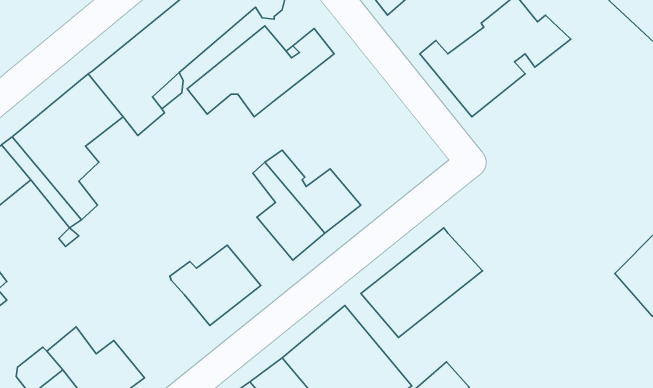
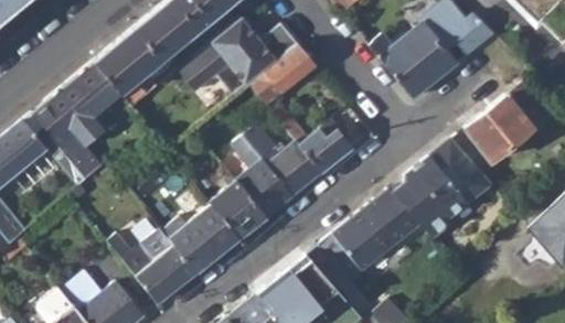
building: none -> [249,46,351,171]
building: none -> [466,83,550,161]
building: none -> [393,139,493,238]
building: none -> [210,181,265,237]
building: none -> [108,228,196,302]

